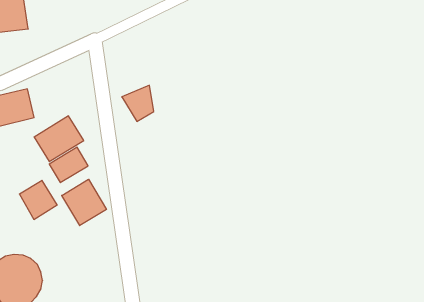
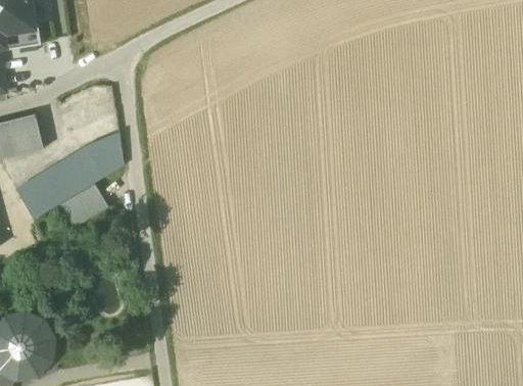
building: [122,85,154,121] -> [85,133,124,177]
building: [62,179,106,226] -> none
building: [19,180,57,219] -> [15,173,61,220]

